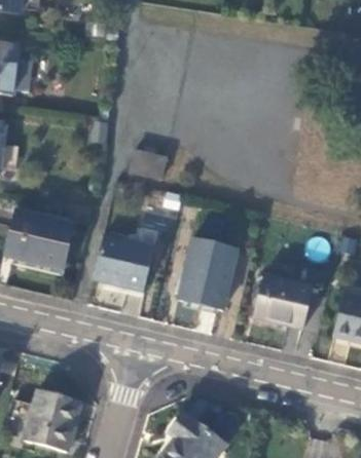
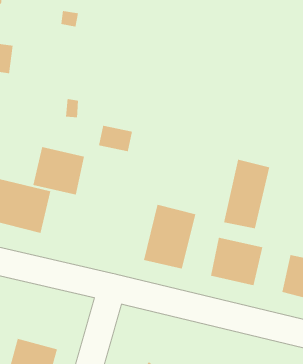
building: none -> [223,159,270,229]
building: [94,234,152,289] -> [32,147,85,195]

